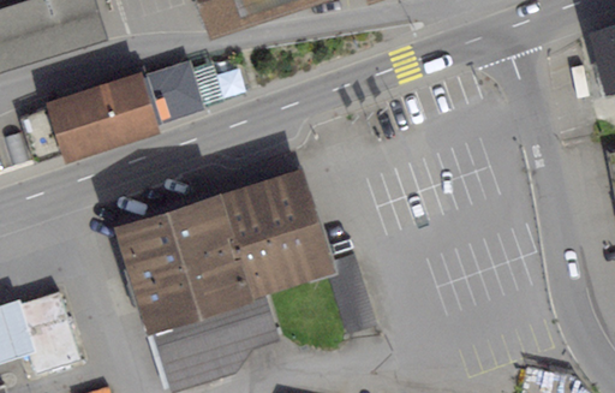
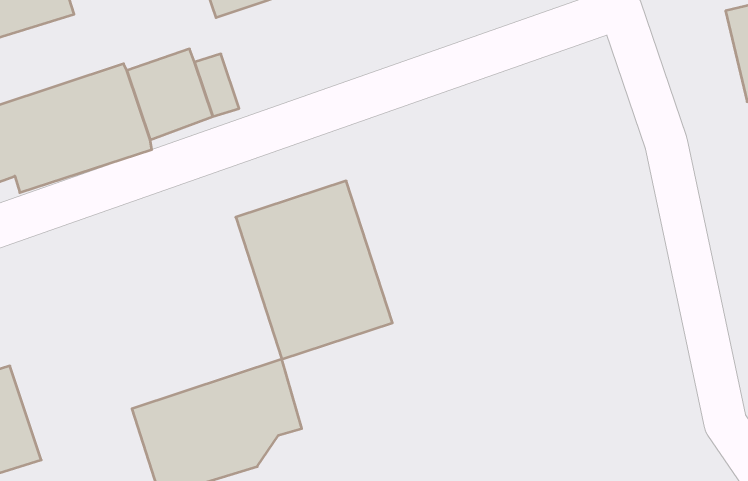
building: [112,180,256,324] -> none

